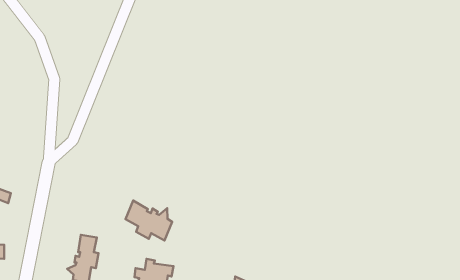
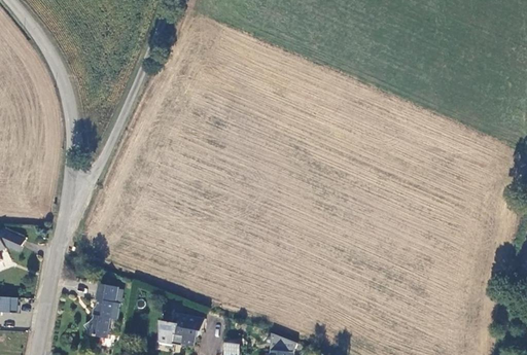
building: [125,200,172,241] -> none

